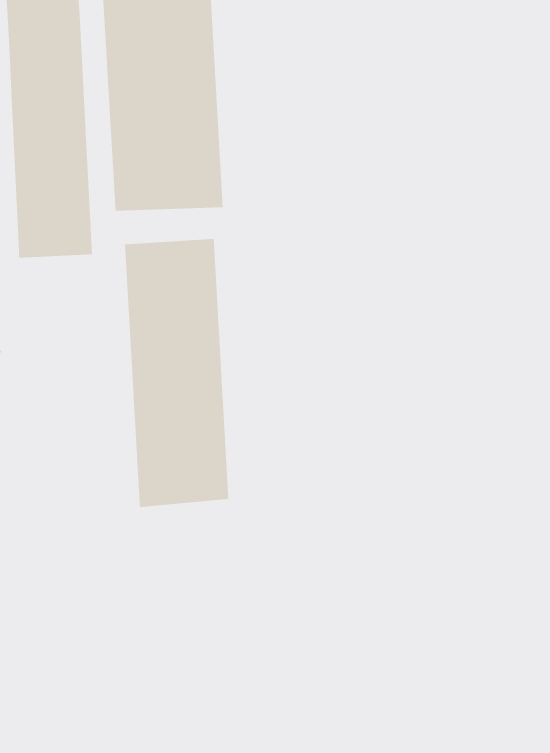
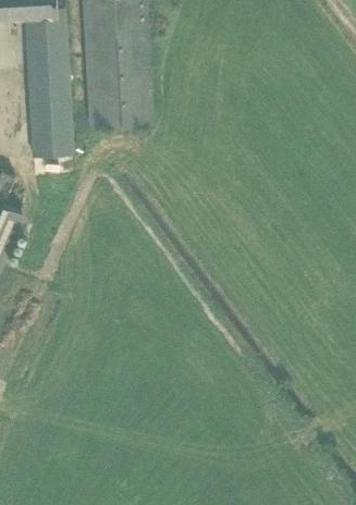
building: [125,238,229,508] -> none

